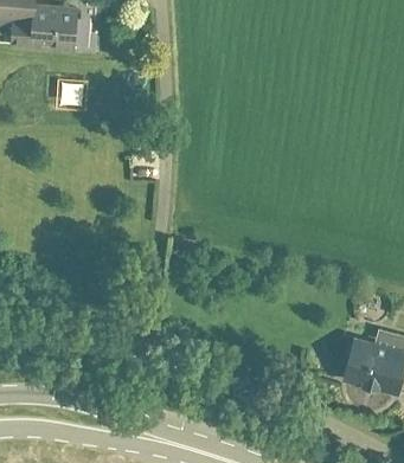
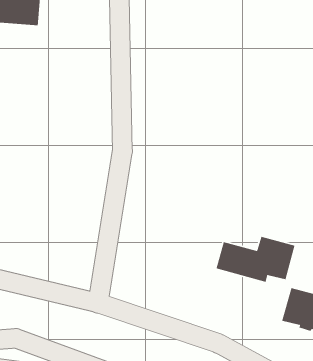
building: none -> [216,236,295,283]

